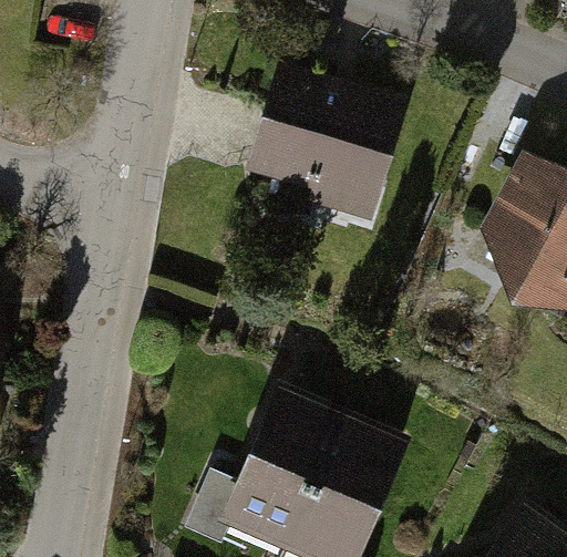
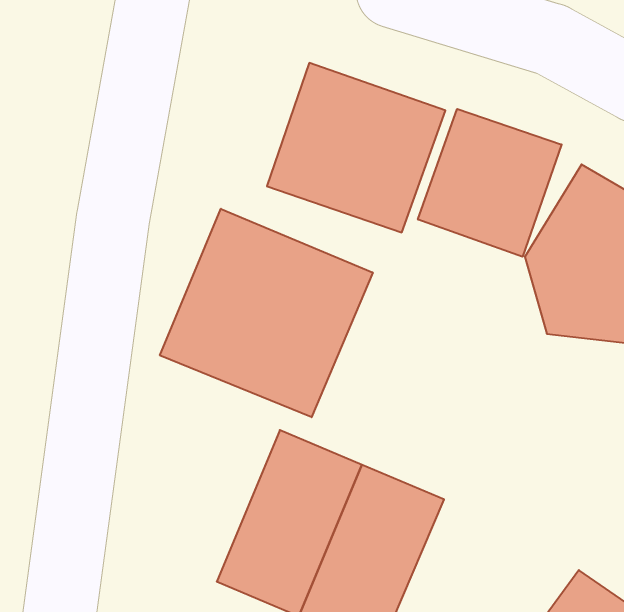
building: none -> [418,109,562,257]
building: none -> [160,209,373,417]

